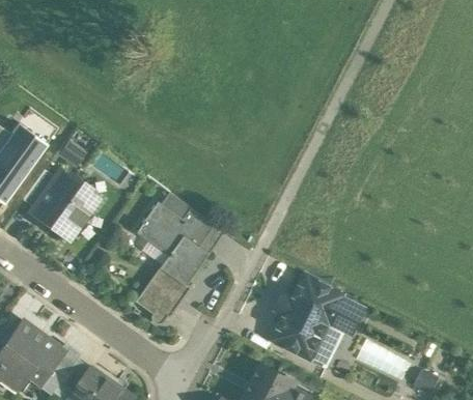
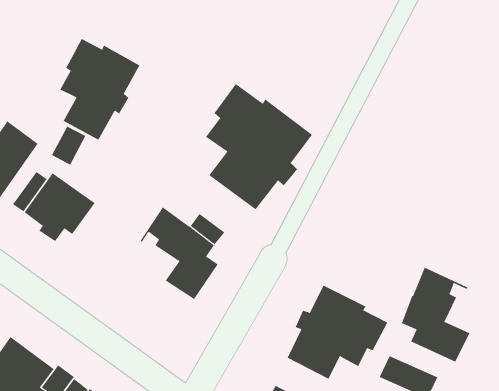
building: none -> [59,38,140,141]
building: none -> [205,83,313,210]
building: none -> [401,267,470,363]
building: [137,269,191,325] -> none

